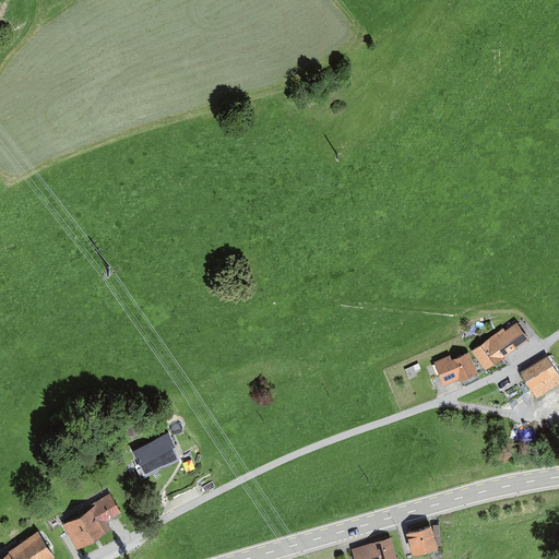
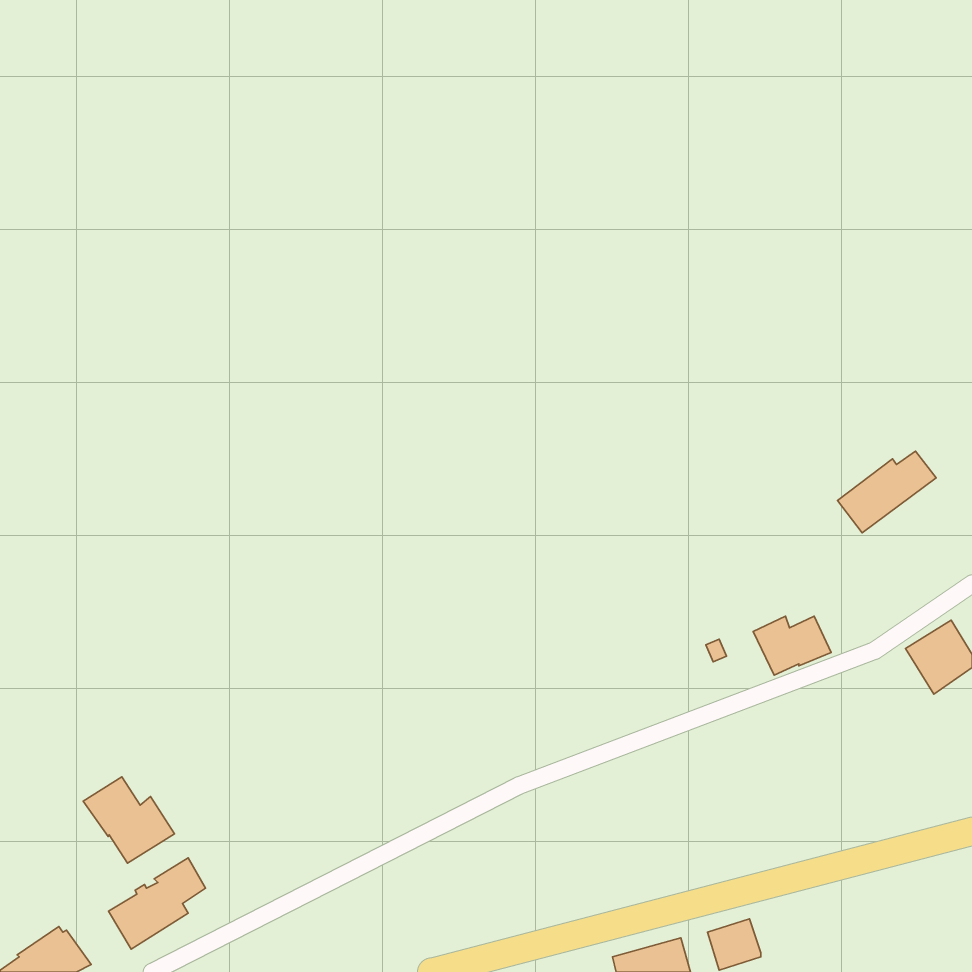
building: [472,324,528,371] -> [837,451,936,533]
building: [133,435,176,471] -> none
building: none -> [83,777,174,863]

